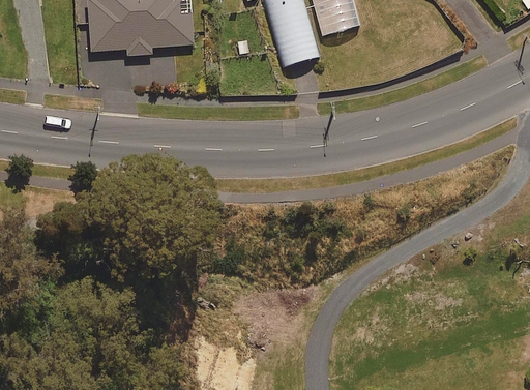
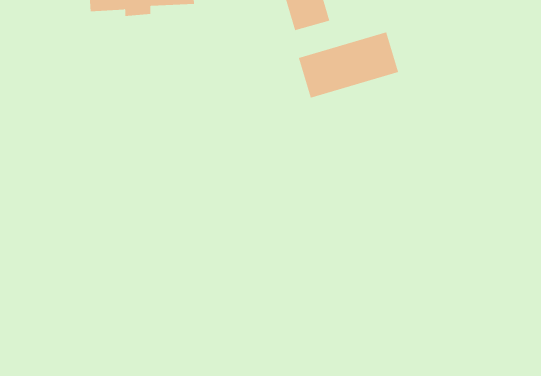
building: none -> [298,32,399,98]

